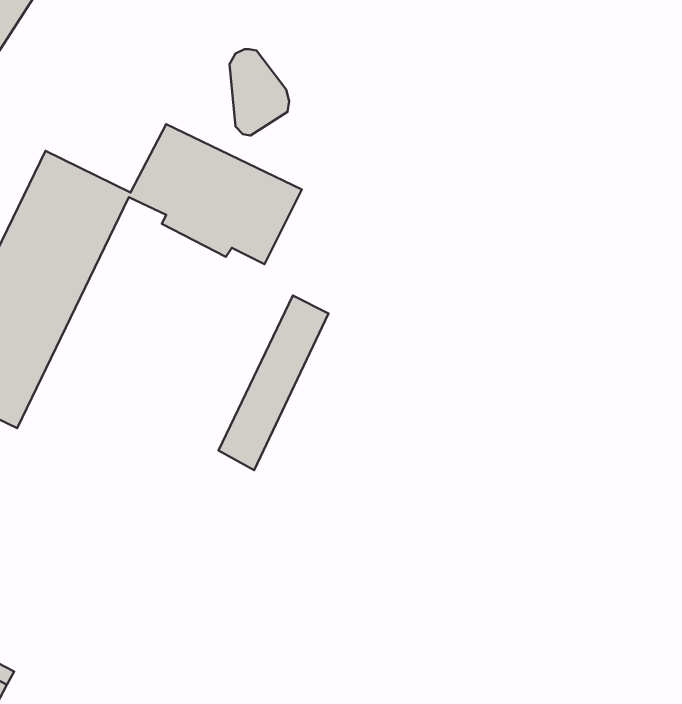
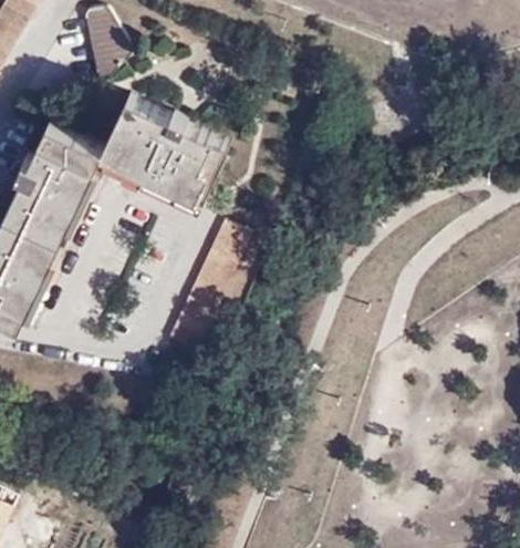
building: [230,49,289,136] -> [85,13,129,77]

